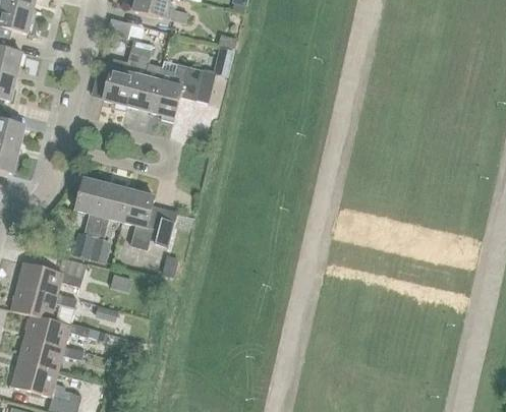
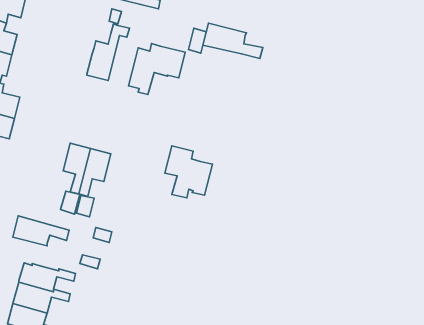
building: none -> [203,23,263,59]
building: [126,53,158,111] -> none
building: [121,189,176,249] -> [165,146,213,198]
building: [9,285,75,318] -> none

